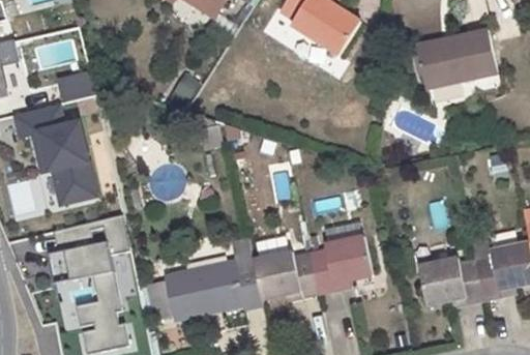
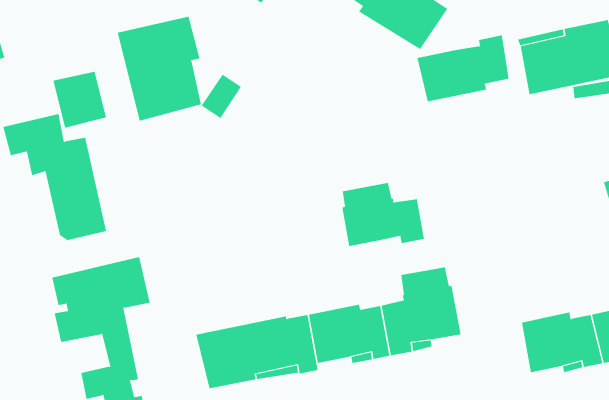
building: none -> [117,16,201,121]
building: none -> [417,35,509,102]
building: none -> [342,182,425,247]

